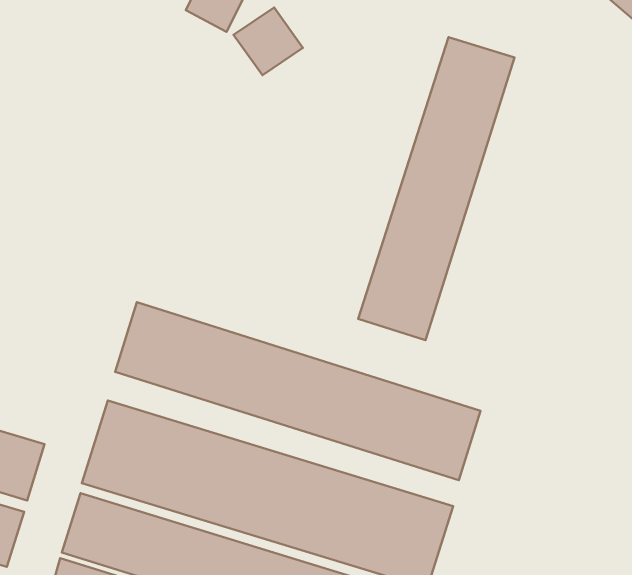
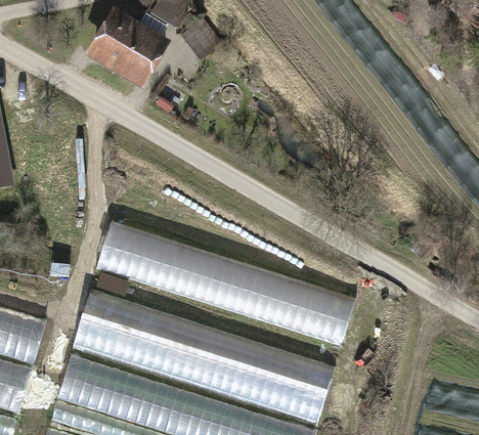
building: none -> [89,15,172,94]
building: [358,37,514,340] -> none

